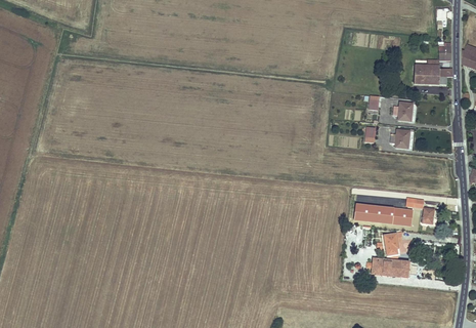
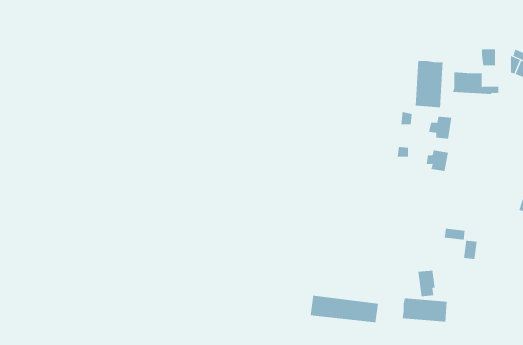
building: none -> [415,60,443,108]
building: [354,202,413,225] -> [310,295,379,323]

